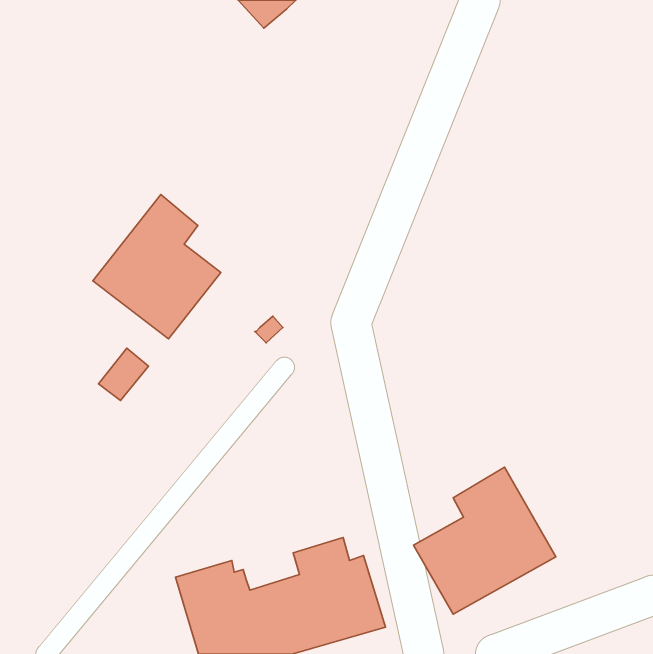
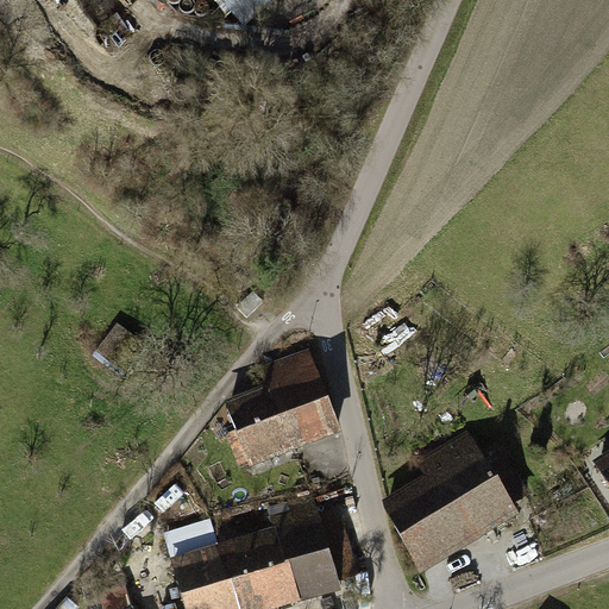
building: [93,195,221,339] -> none
building: none -> [225,354,343,476]

